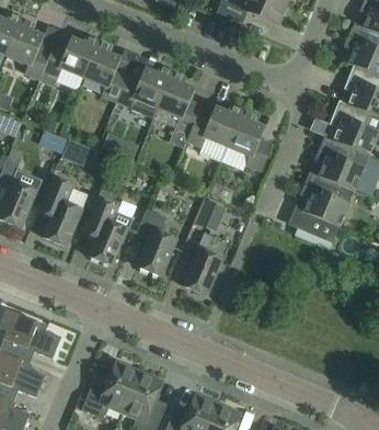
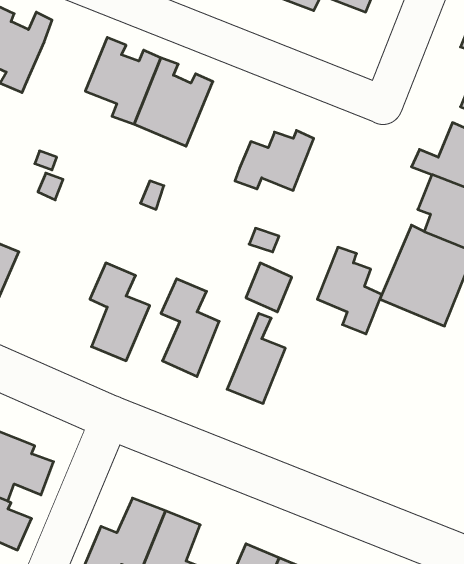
building: [42,36,97,78] -> none
building: [152,71,200,132] -> none
building: [227,111,272,171] -> [317,247,382,334]
building: [37,172,89,247] -> none

